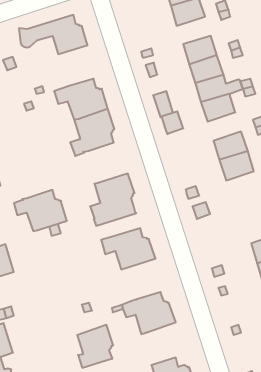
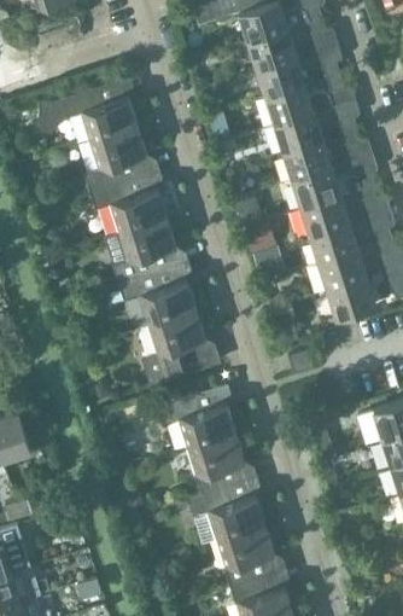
building: none -> [264,86,332,126]
building: none -> [82,127,146,193]
building: none -> [309,223,357,265]
building: [14,190,67,231] -> [118,267,194,326]
building: none -> [185,434,243,495]
building: [77,325,113,368] -> [221,525,273,587]

